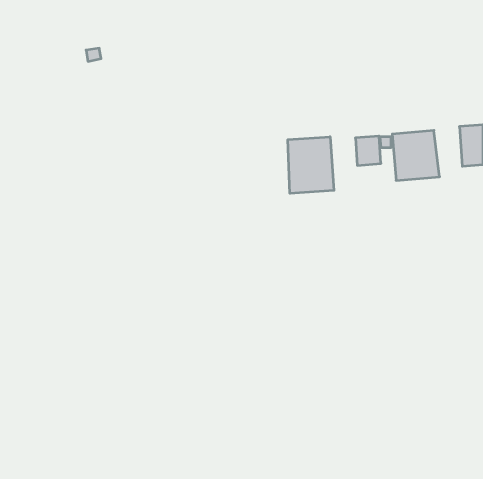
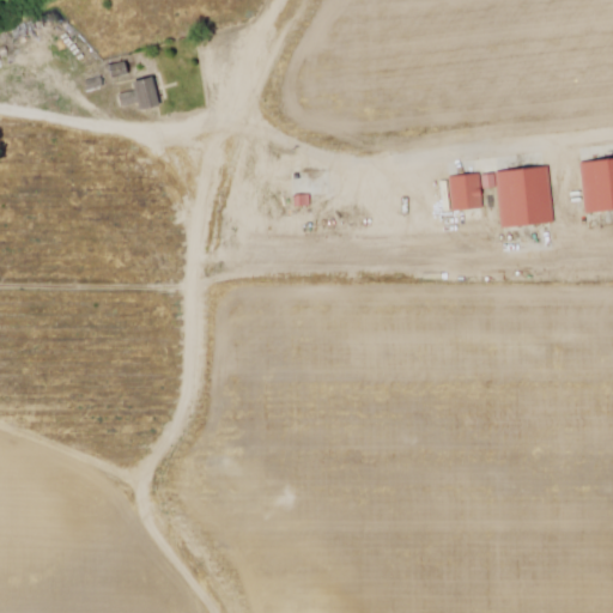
building: none -> [119,78,159,111]
building: [288,137,334,193] -> none

